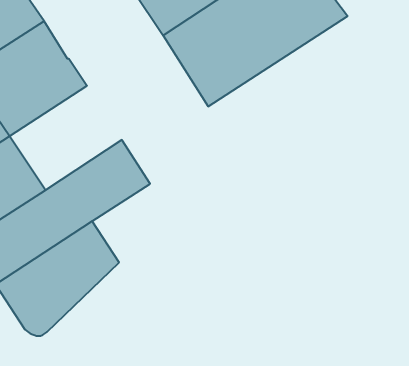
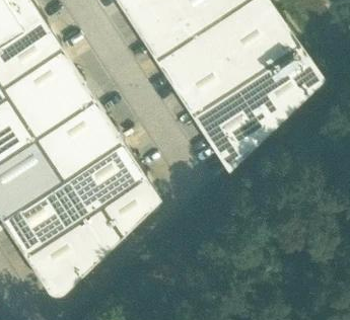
building: none -> [189,39,323,167]
building: none -> [32,94,121,176]
building: none -> [97,171,158,233]

